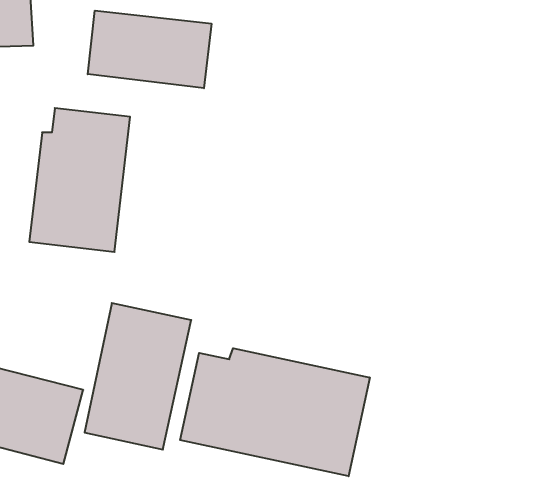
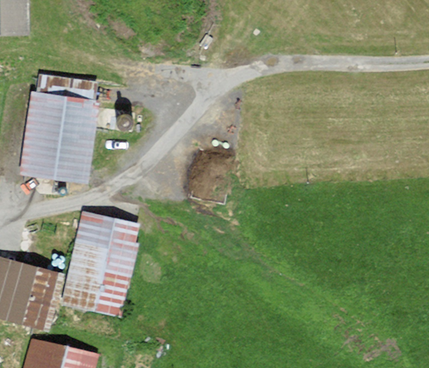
building: [88,11,211,88] -> none
building: [180,348,370,476] -> none

